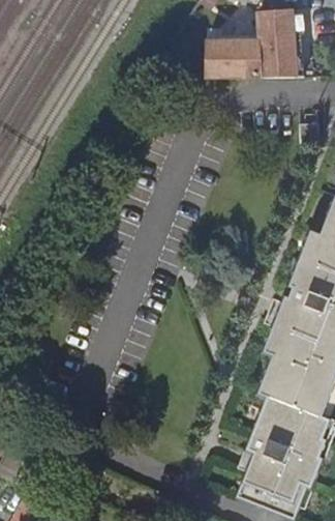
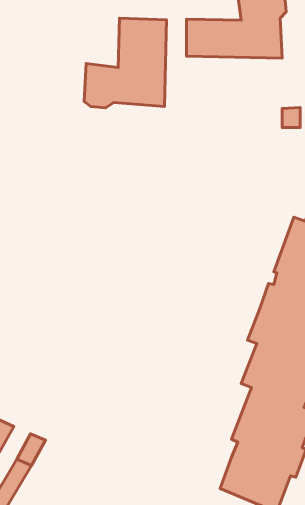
building: none -> [84,18,166,108]

